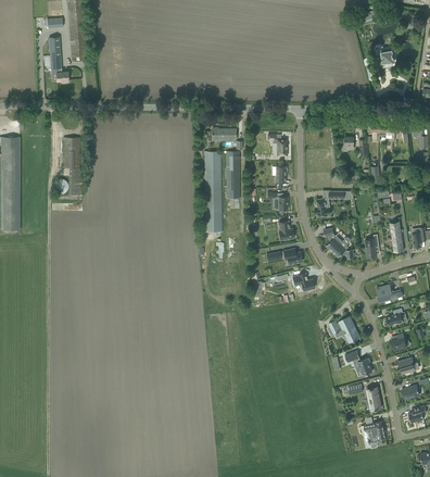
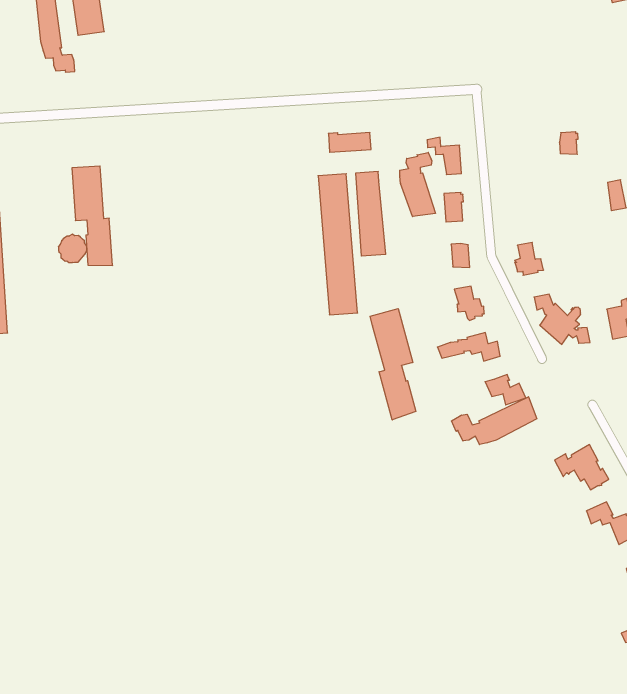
building: none -> [400,152,435,217]
building: none -> [370,309,416,420]
building: none -> [451,397,537,445]

